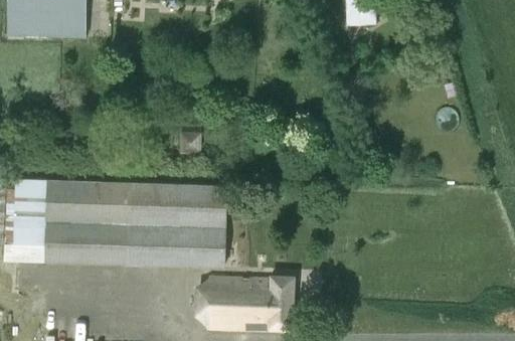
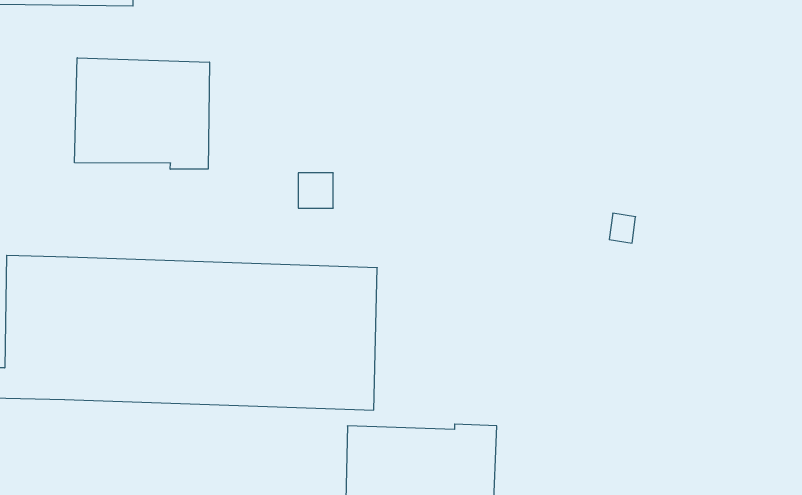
building: none -> [75,58,209,169]

